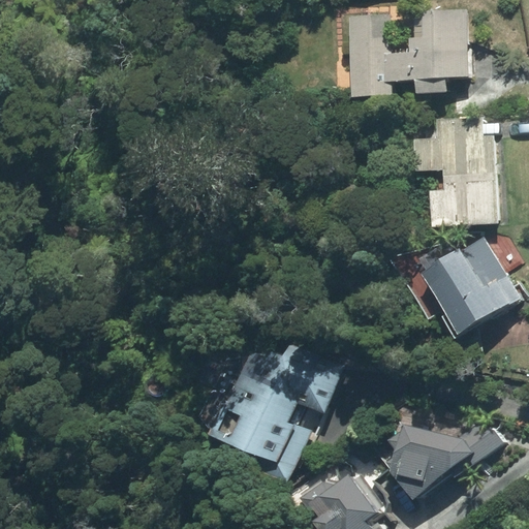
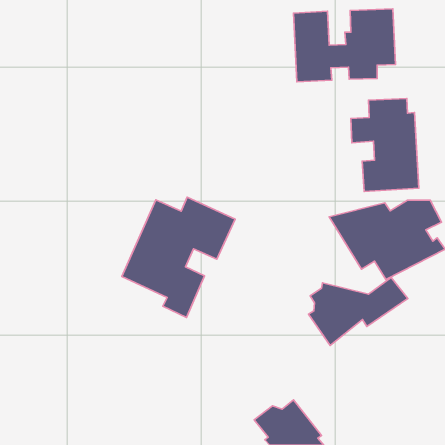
building: [211,339,345,481] -> [122,197,235,318]
building: [386,418,504,499] -> [308,278,408,346]

